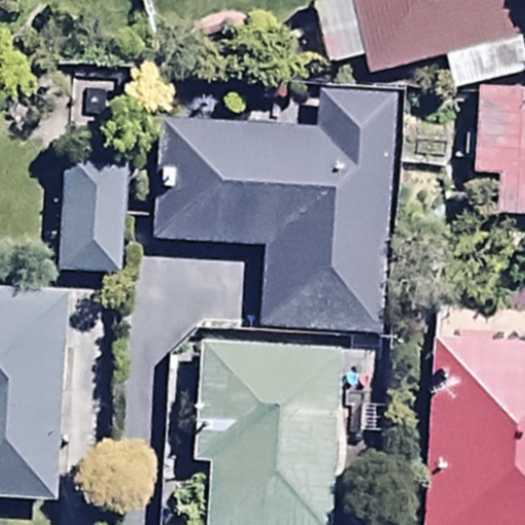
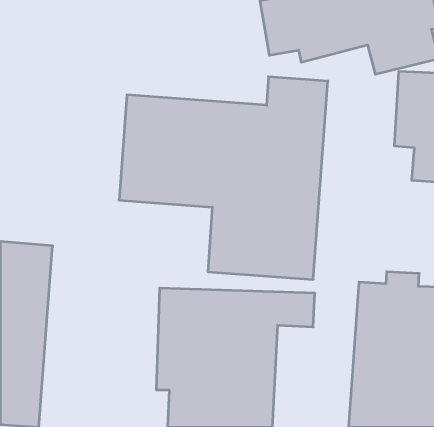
building: [59,154,132,273] -> none

